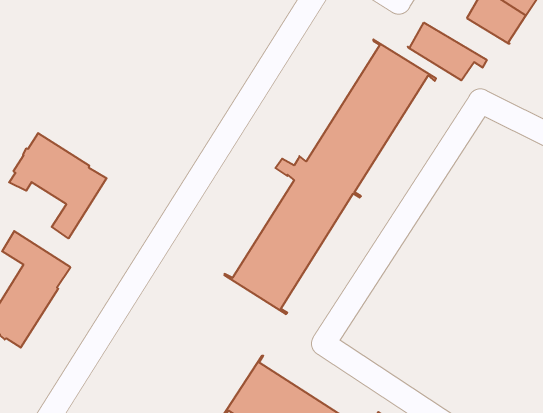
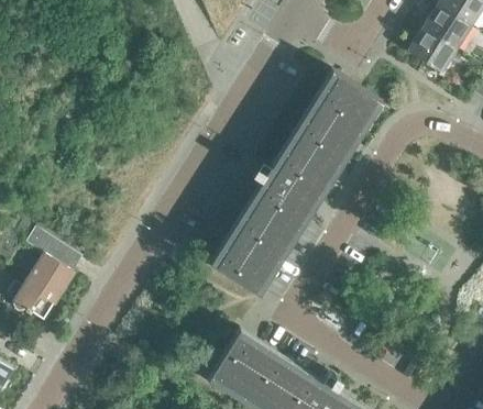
building: [408,23,487,80] -> none
building: [9,133,107,238] -> none

